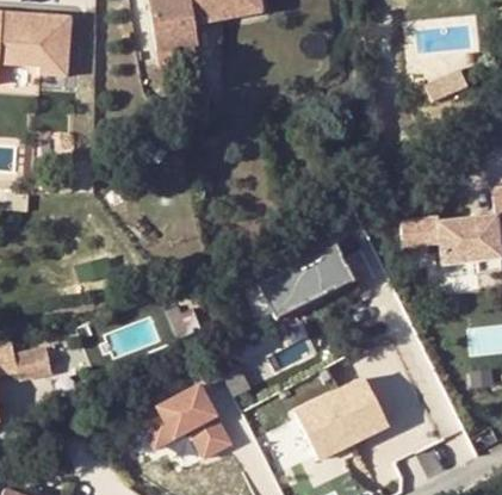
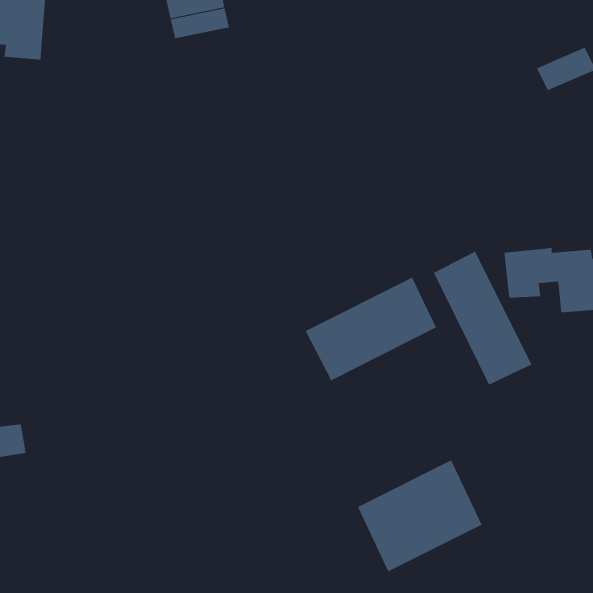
building: none -> [433,251,532,386]
building: [138,380,231,453] -> none

